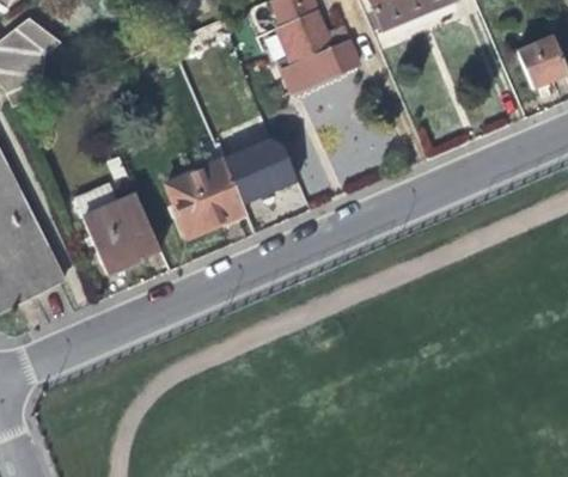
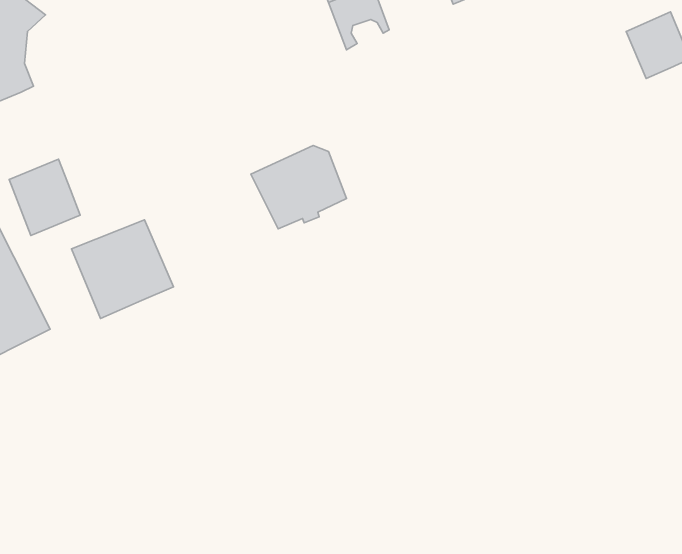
building: [280,37,355,88] -> none
building: none -> [9,159,80,235]
building: [166,159,244,236] -> none

